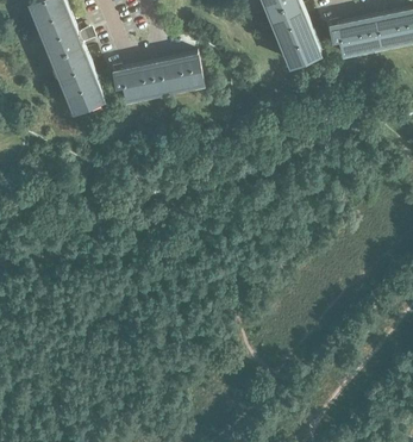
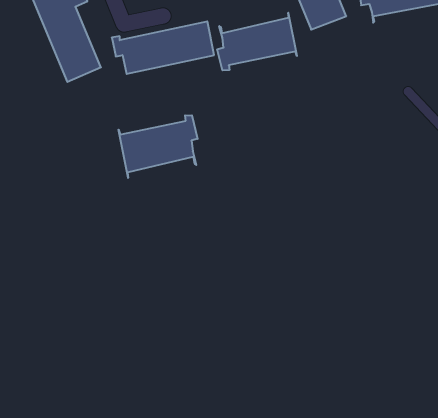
building: none -> [217,13,297,70]
building: none -> [118,115,198,178]

